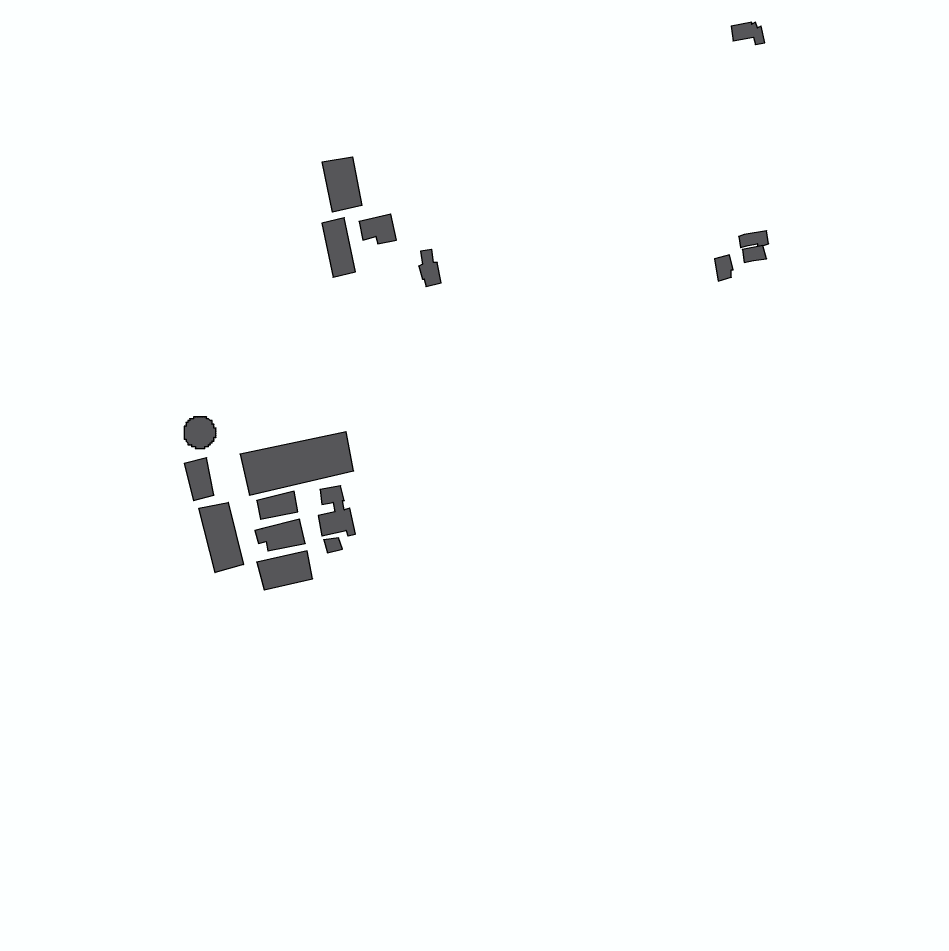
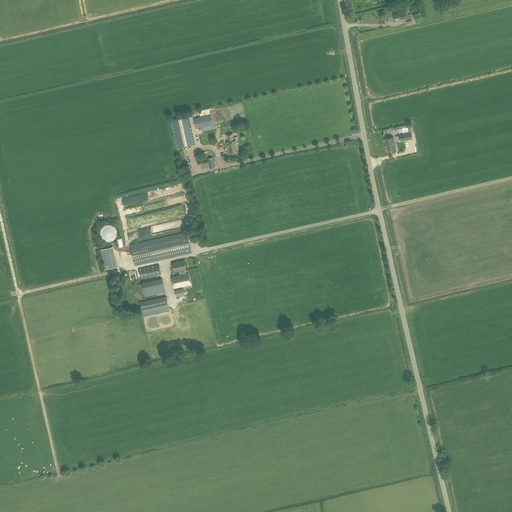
building: [322,157,362,212] -> none
building: [199,502,243,573] -> none

